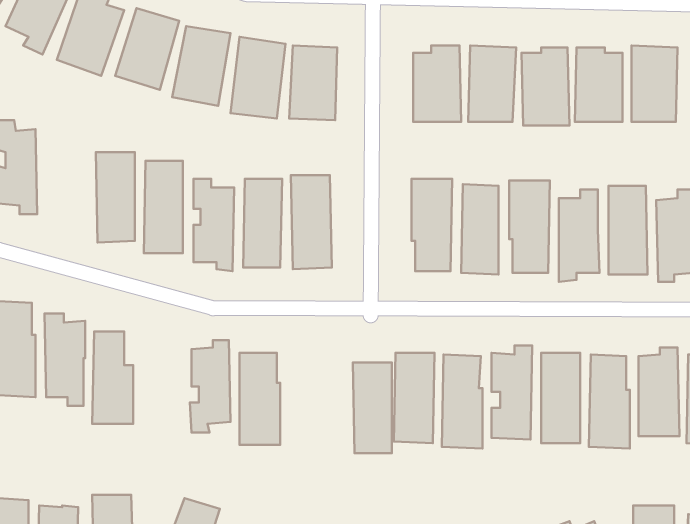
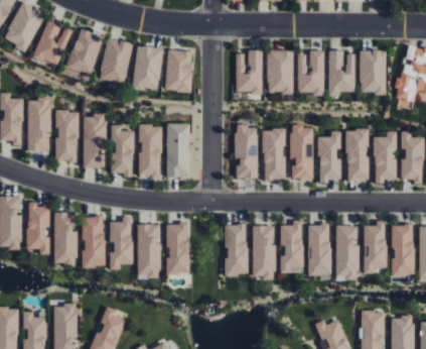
building: none -> [27,98,49,150]
building: none -> [83,216,105,267]
building: [353,362,392,453] -> [166,223,188,274]

